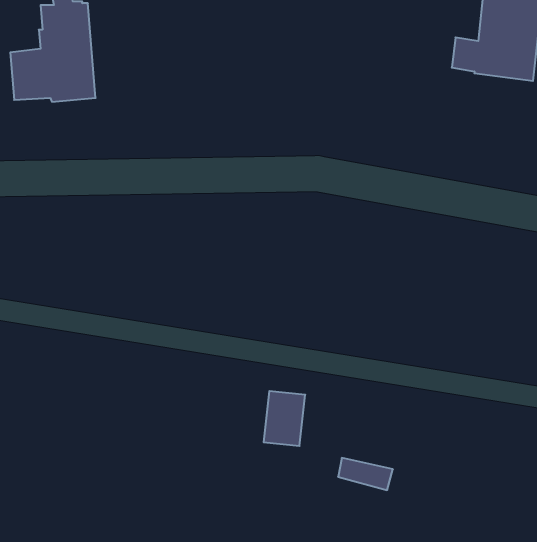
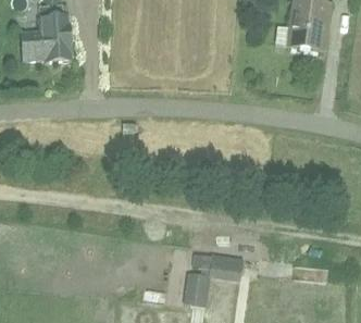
building: [264,391,305,446] -> [183,275,207,307]

